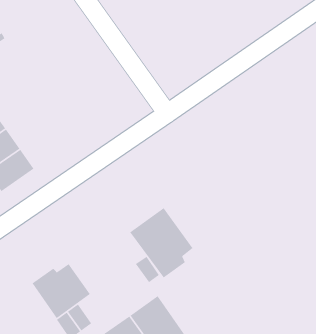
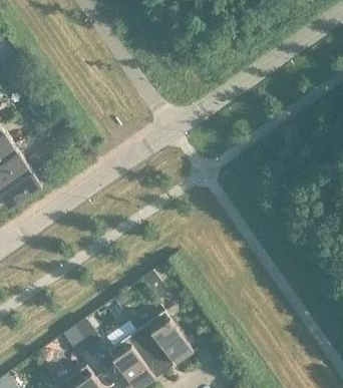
building: [129,207,194,279] -> none
building: [31,263,91,319] -> none

